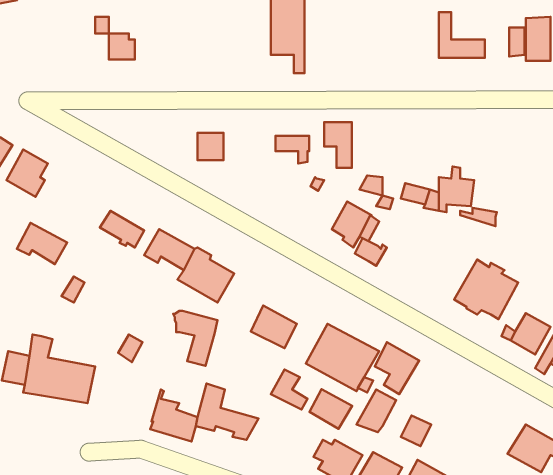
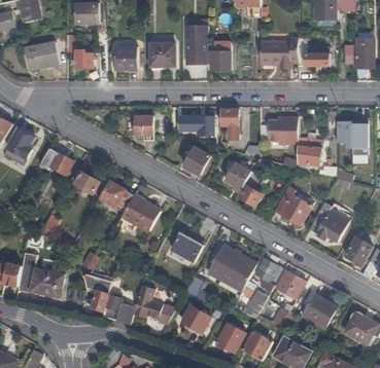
building: none -> [258,36,298,65]
building: none -> [25,42,60,69]
building: none -> [148,43,173,67]
building: none -> [210,43,230,70]
building: none -> [114,46,137,70]
building: none -> [268,116,298,144]
building: none -> [337,120,369,154]
building: none -> [184,148,210,175]
building: [17,223,67,264] -> [39,148,73,176]
building: none -> [275,191,311,225]
building: [173,311,218,366] -> [82,273,112,310]
building: none -> [276,270,305,298]
building: [309,389,352,429] -> [182,305,211,332]
building: none -> [303,294,337,327]

